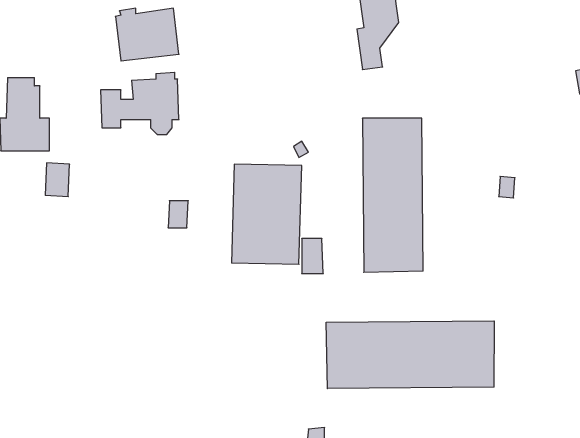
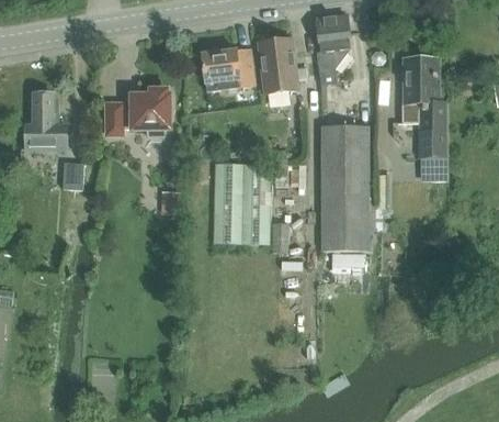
building: [115,8,179,61] -> [203,46,254,89]
building: none -> [258,40,297,93]
building: none -> [404,58,447,157]
building: [326,321,494,389] -> none

